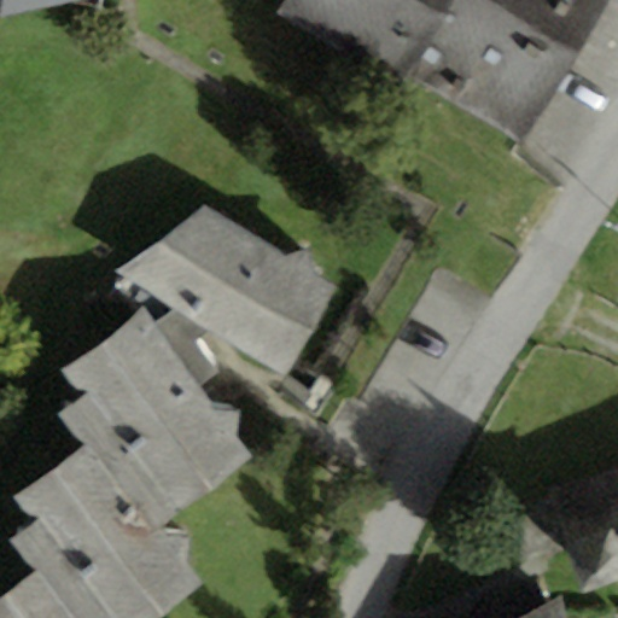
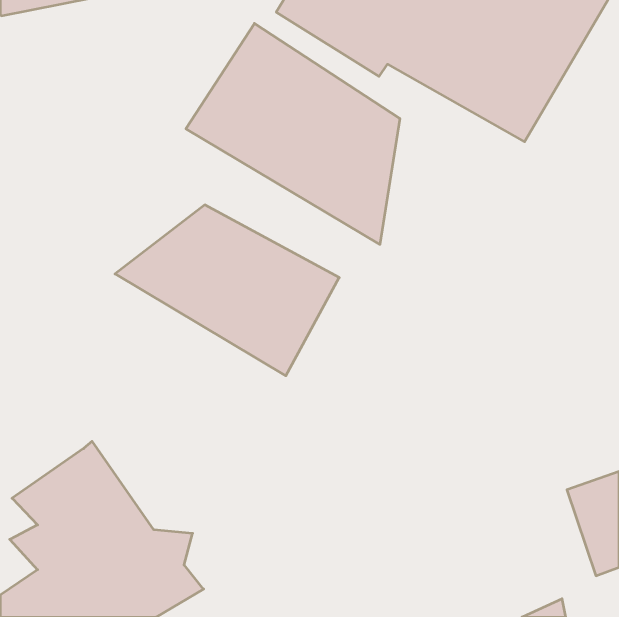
building: none -> [186,23,400,244]
building: [58,311,253,527] -> none

